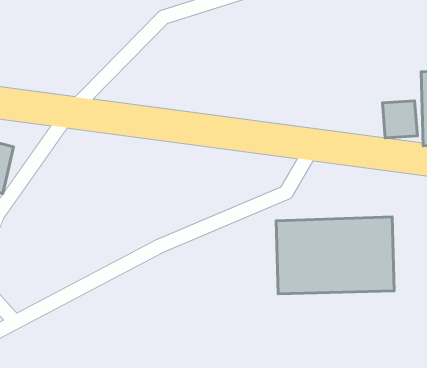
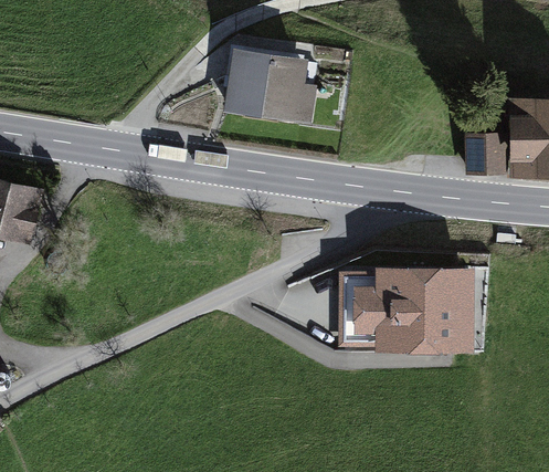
building: none -> [225,51,319,128]

